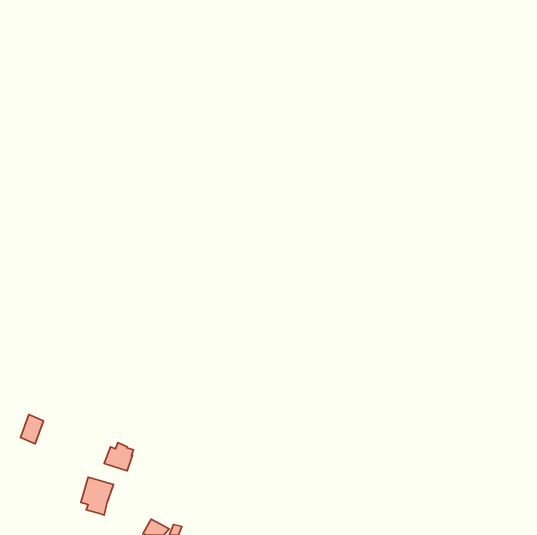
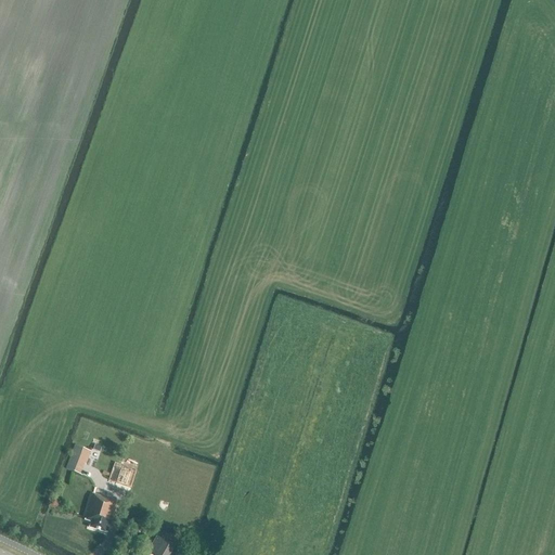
building: [20,415,44,444] -> [66,443,90,474]

